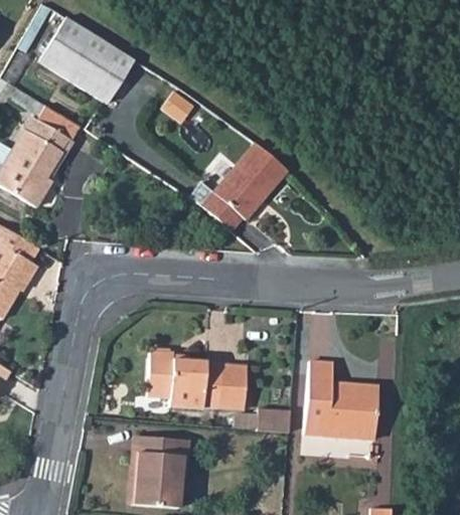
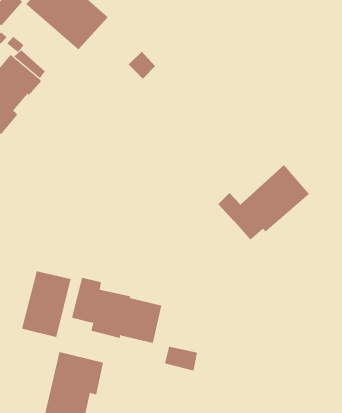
building: [189,141,289,230] -> [217,164,310,240]
building: none -> [21,271,71,338]
building: [303,360,378,439] -> none

